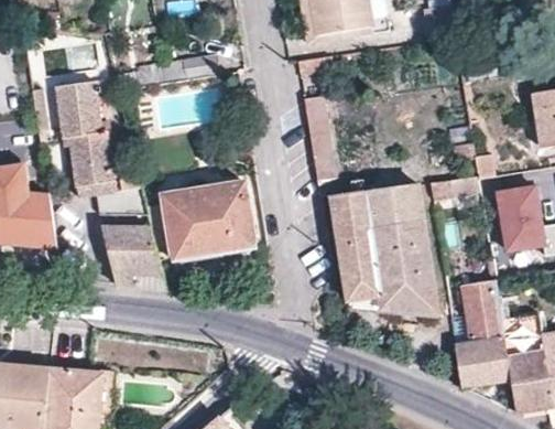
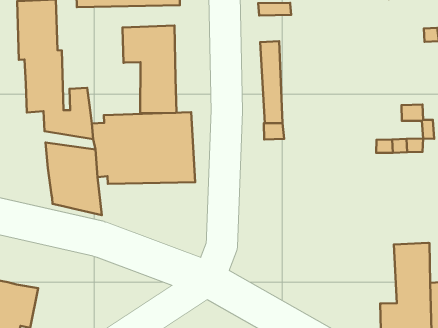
building: none -> [122,26,176,113]
building: [330,183,438,314] -> none

